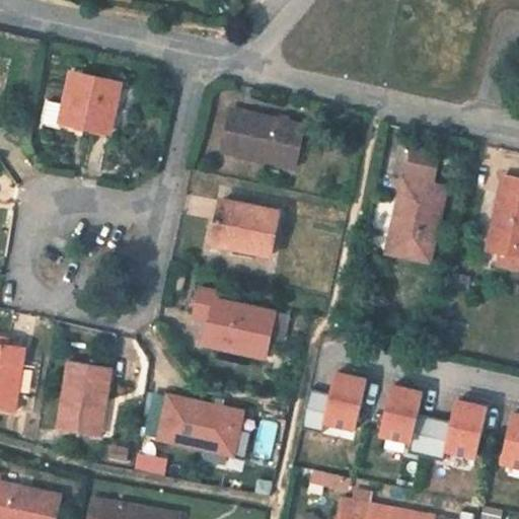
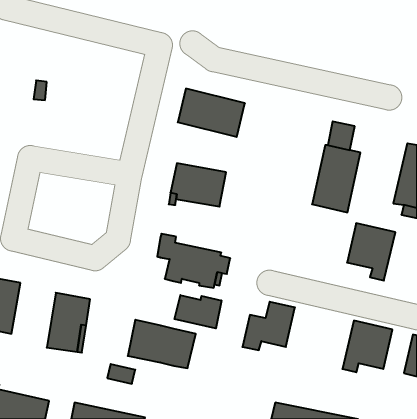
building: [60,74,121,133] -> none
building: none -> [174,295,221,328]
building: [378,385,438,456] -> [347,223,395,281]

